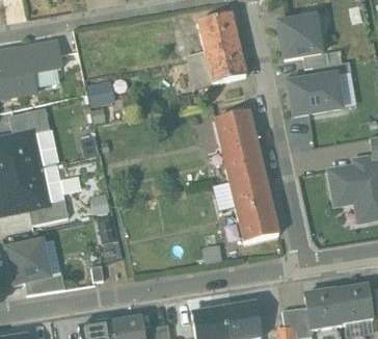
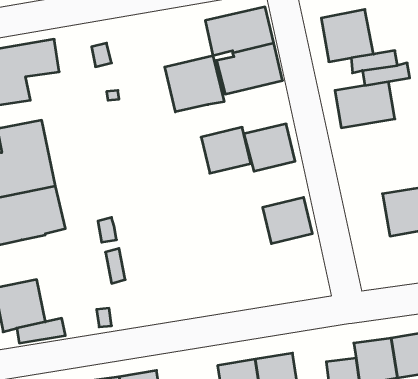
building: none -> [165,55,224,112]
building: [222,141,264,180] -> [201,127,251,173]
building: [29,198,69,224] -> none
building: [237,202,278,241] -> none

